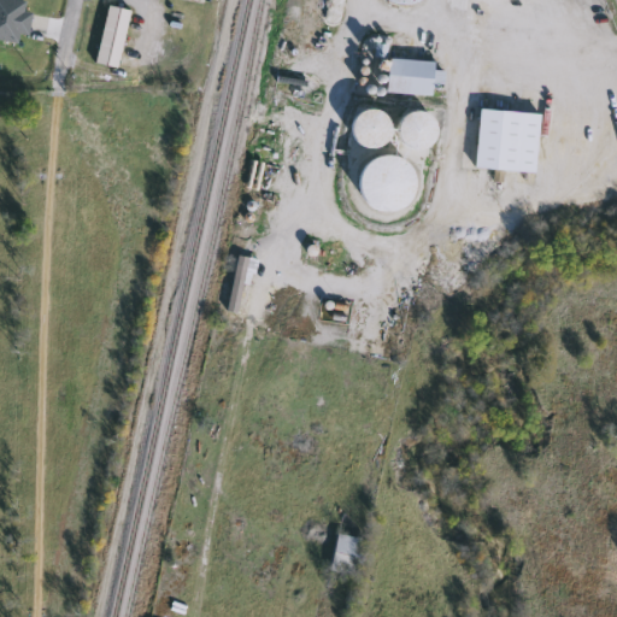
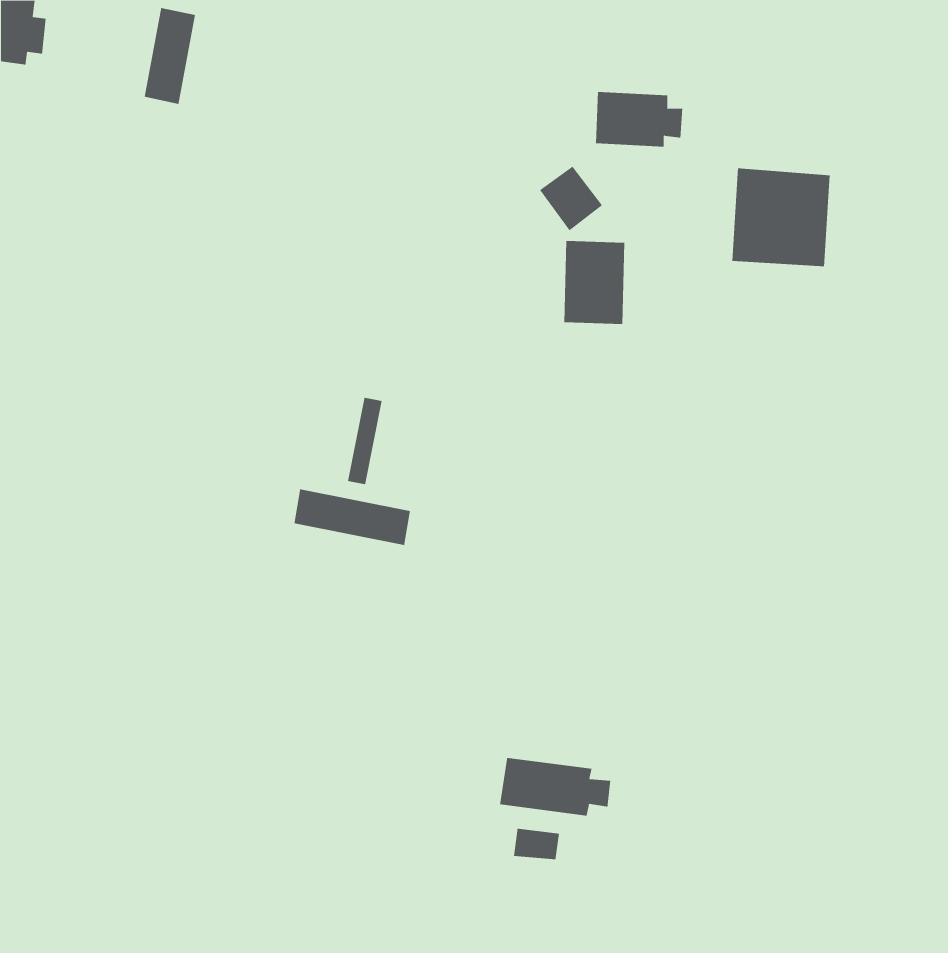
building: [395,107,440,152] -> none
building: none -> [294,489,410,546]
building: none -> [499,757,611,816]

